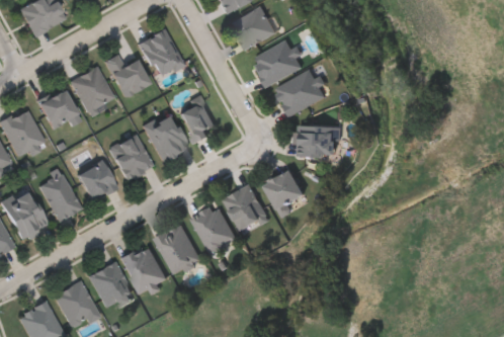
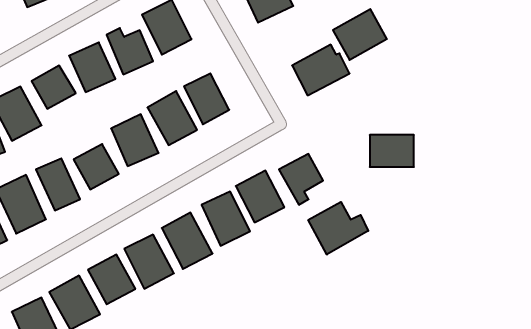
building: [253,39,303,86] -> [333,9,387,60]
building: [299,125,339,155] -> [370,135,414,167]
building: none -> [308,202,368,255]

